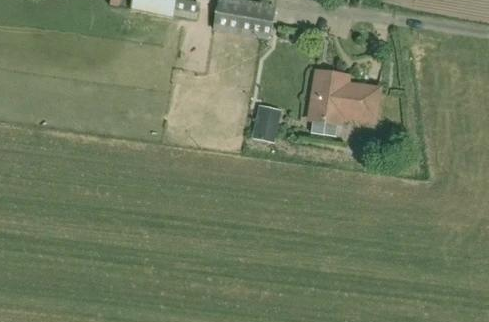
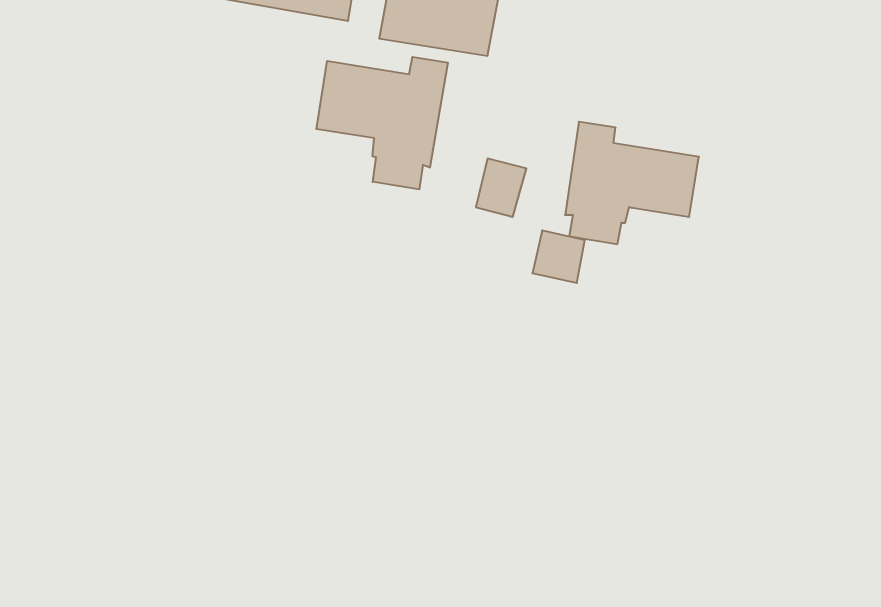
building: none -> [316,57,448,189]
building: [250,118,277,145] -> [532,230,585,283]

